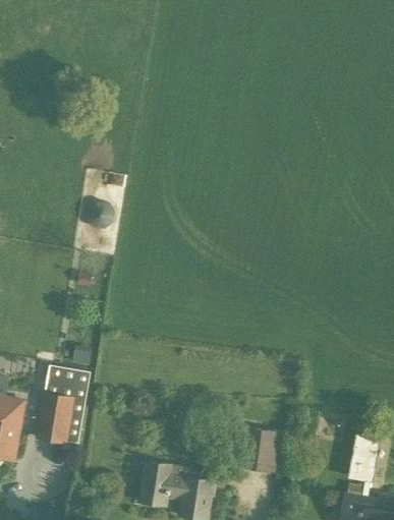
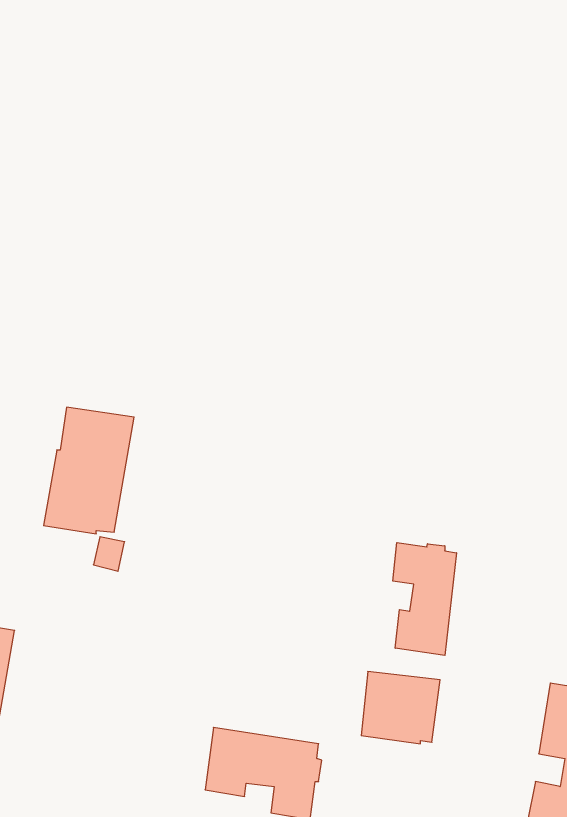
building: none -> [393,543,456,655]
building: [35,365,91,444] -> [44,407,134,534]

